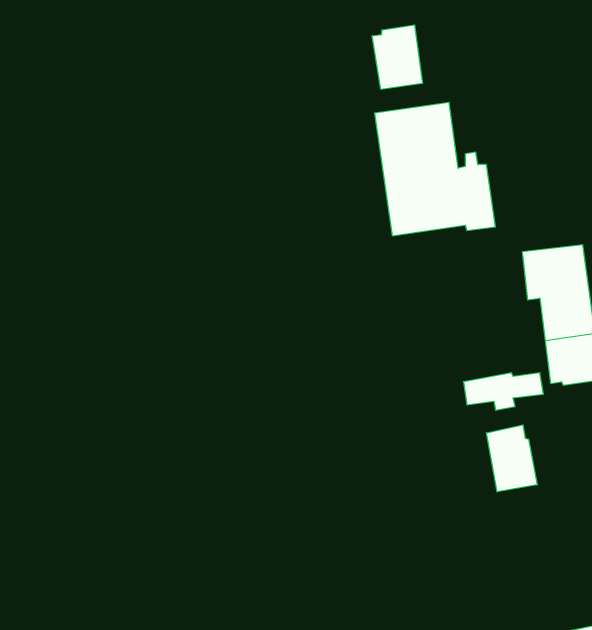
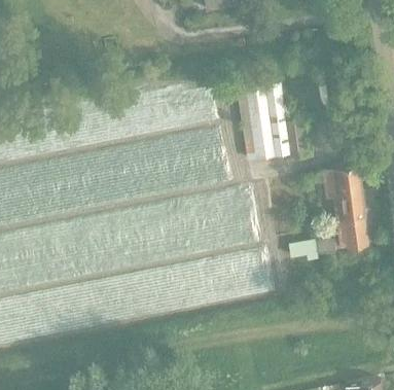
building: [372,25,423,89] -> none
building: [486,425,537,492] -> none

